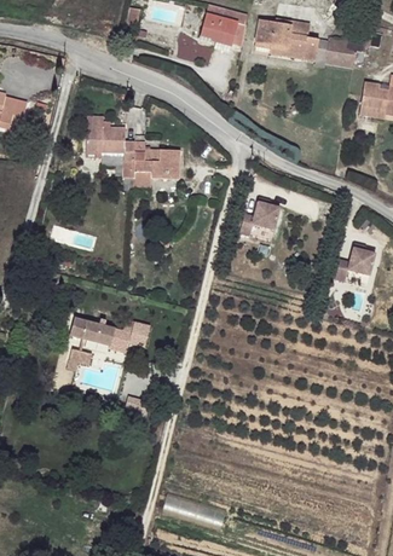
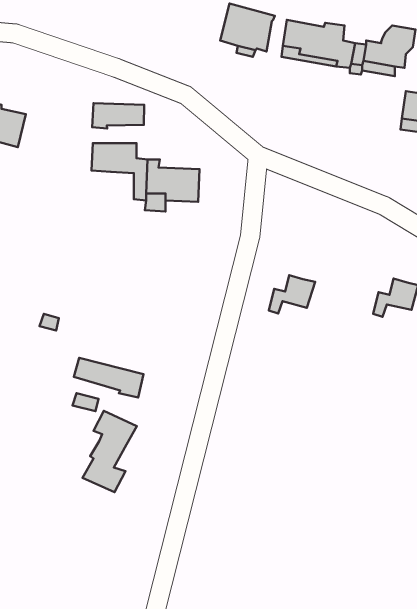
building: none -> [92,103,144,128]
building: [239,201,281,234] -> [269,275,315,313]
building: none -> [82,411,137,492]

